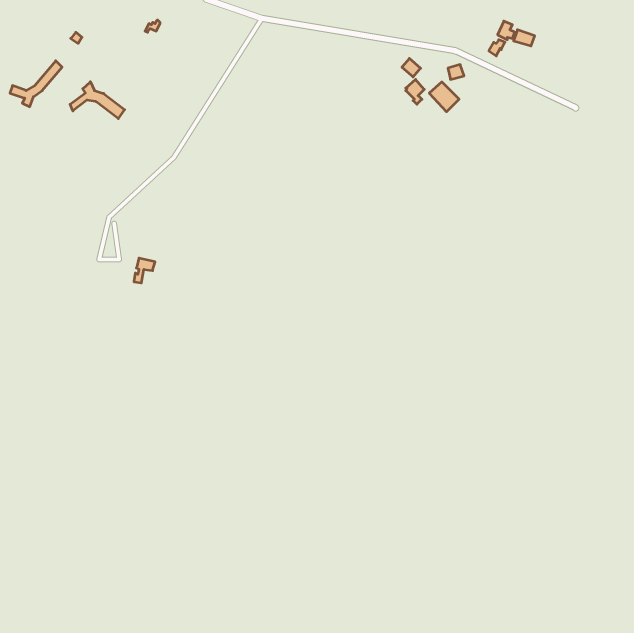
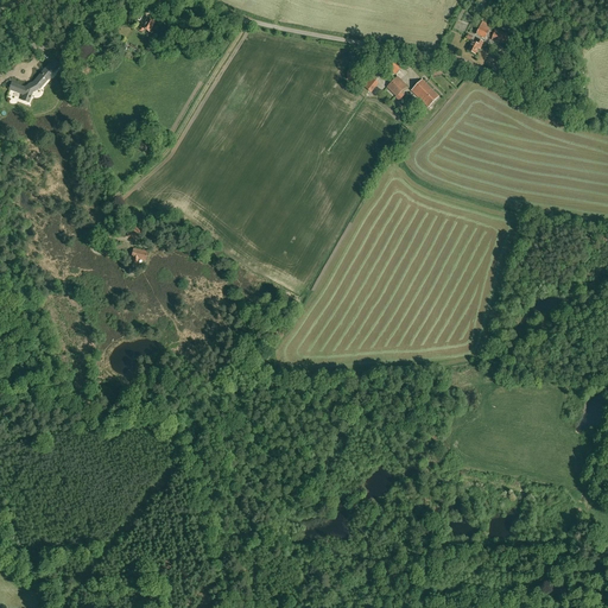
building: [70,82,125,119] -> none

